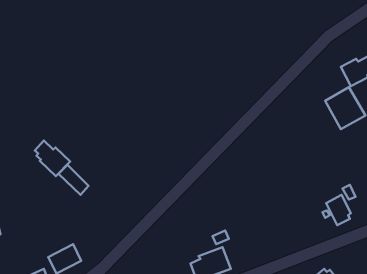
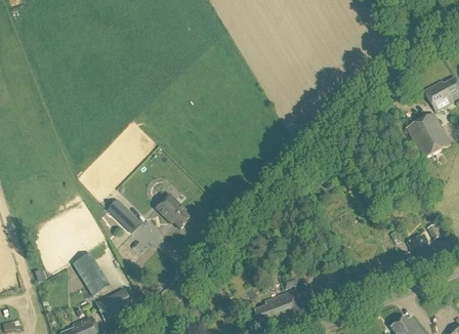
building: [35,140,70,176] -> none
building: none -> [155,193,190,226]
building: none -> [73,254,105,293]

